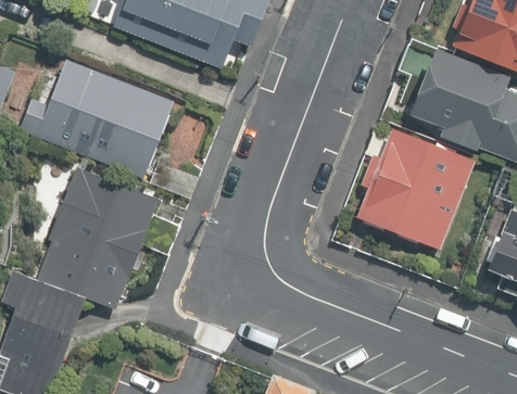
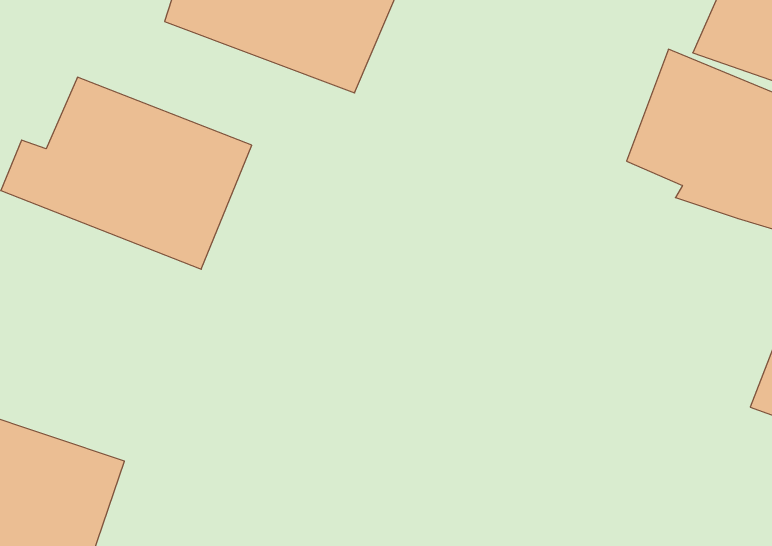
building: [361,125,479,246] -> none
building: [47,164,166,306] -> none

